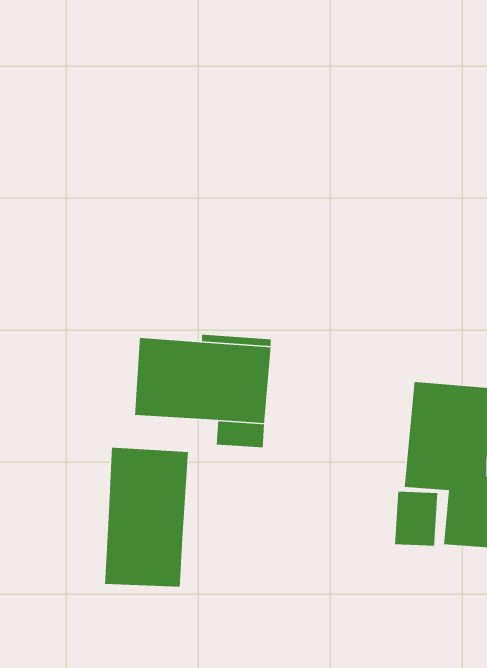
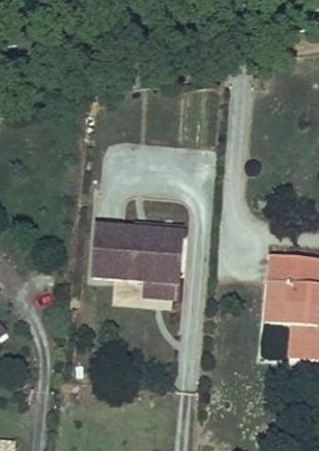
building: [104,447,189,587] -> none

